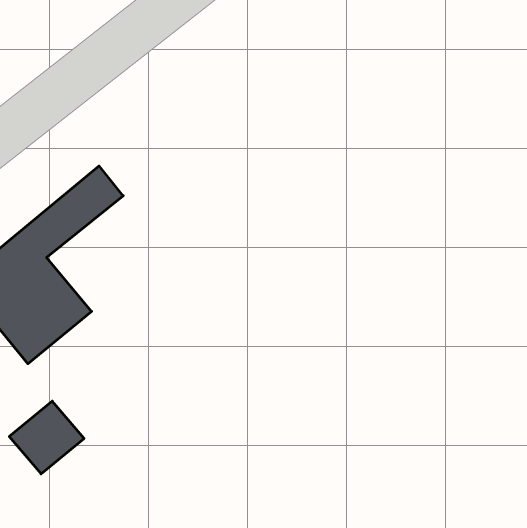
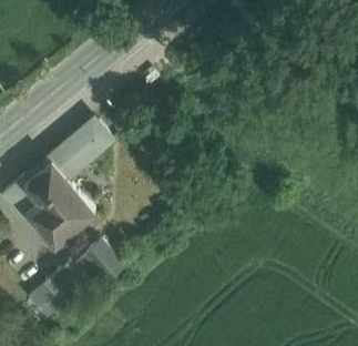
building: none -> [79,241,117,282]

